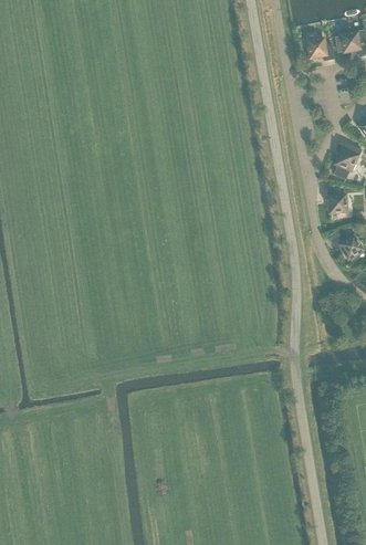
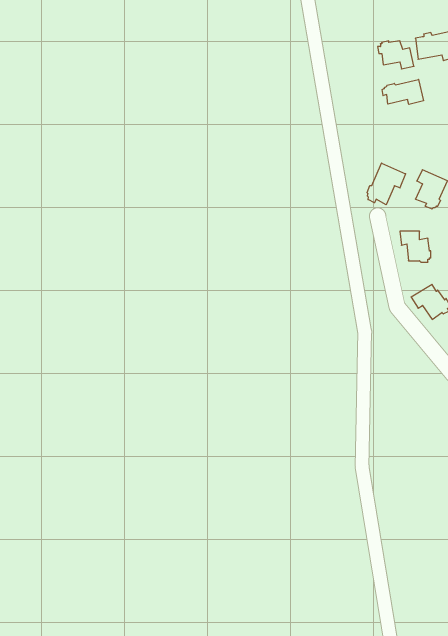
building: none -> [382,79,423,104]
building: none -> [367,163,406,205]

